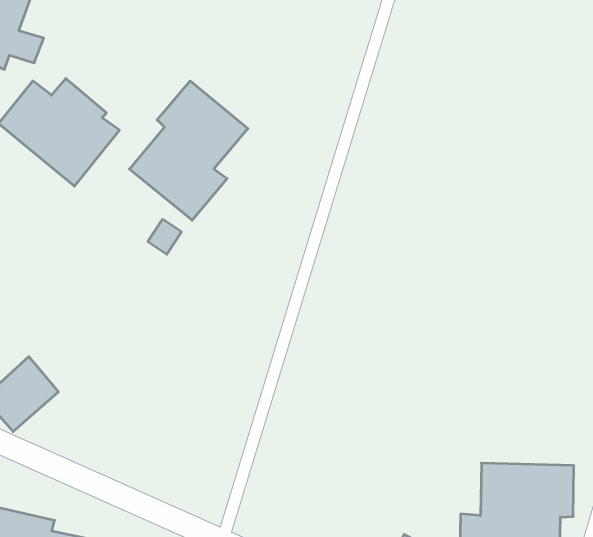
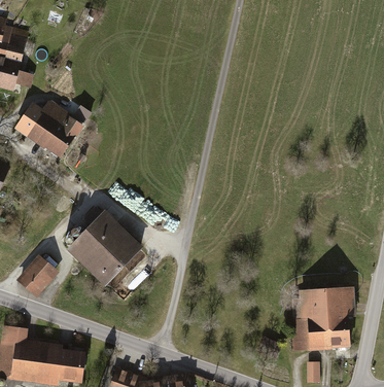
building: [129,81,248,220] -> none
building: none -> [68,213,144,288]

